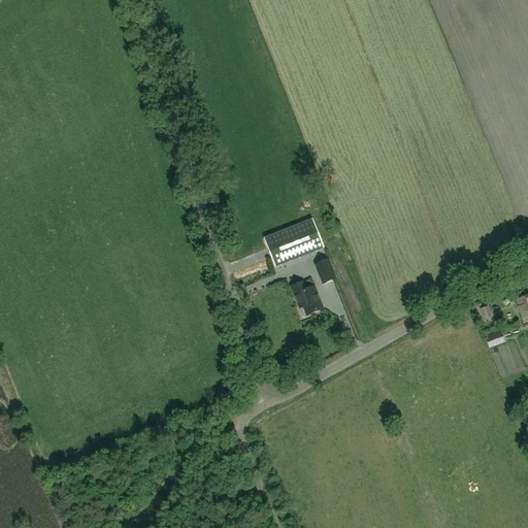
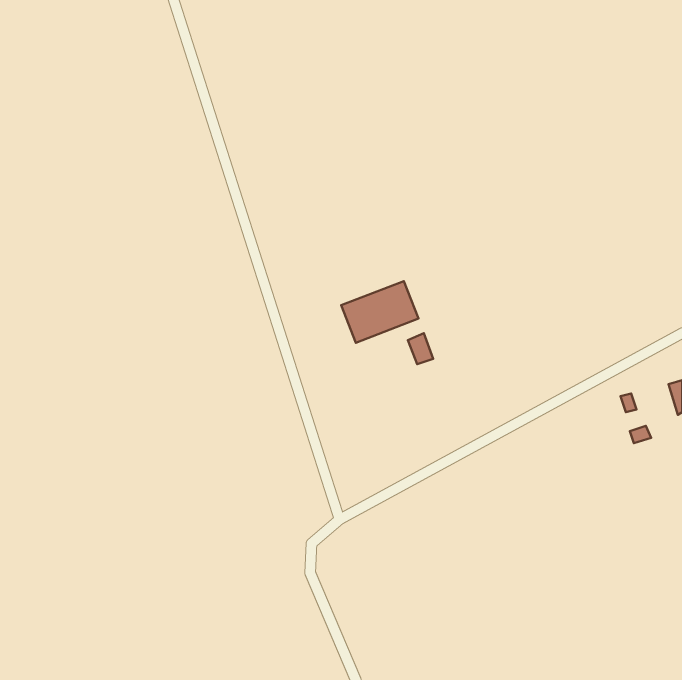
building: [291,279,322,312] -> none

